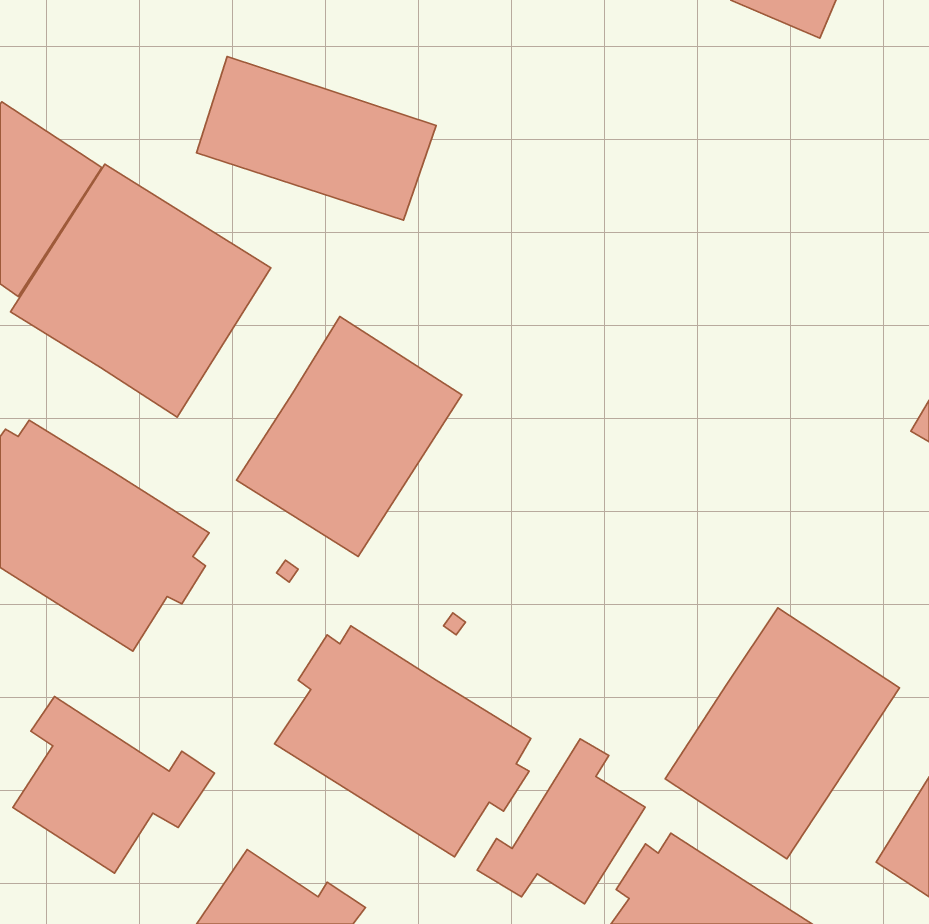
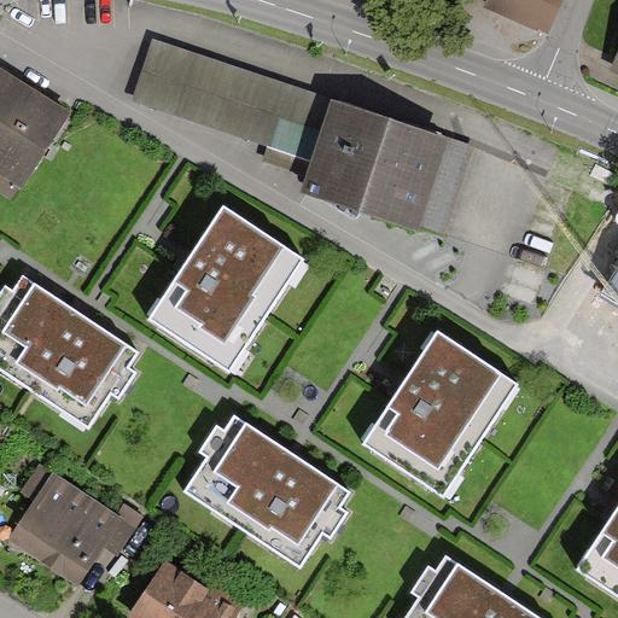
building: none -> [268,83,471,237]
building: [11,164,271,417] -> none
building: [665,608,900,859] -> [363,330,519,496]
building: [477,739,645,904] -> none

